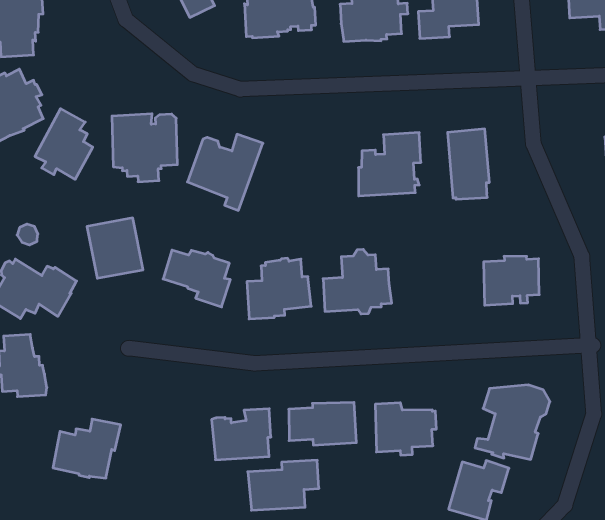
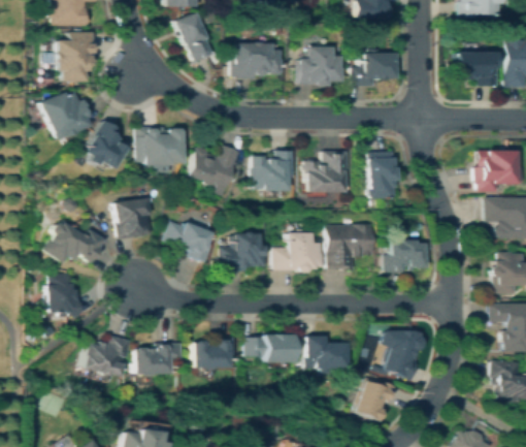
building: none -> [252,150,293,191]
building: none -> [329,223,373,269]
building: [248,460,319,510] -> [134,343,183,375]

